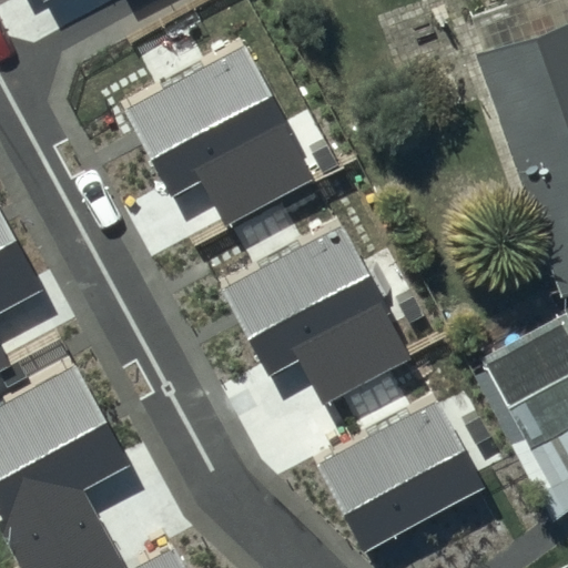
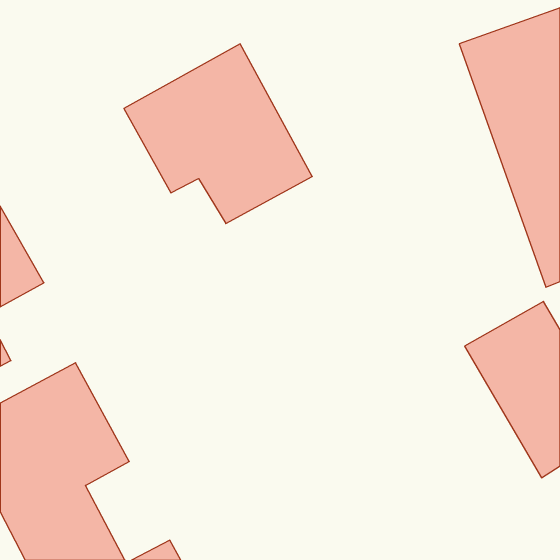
building: [224,225,414,407] -> none
building: [317,400,486,551] -> none

